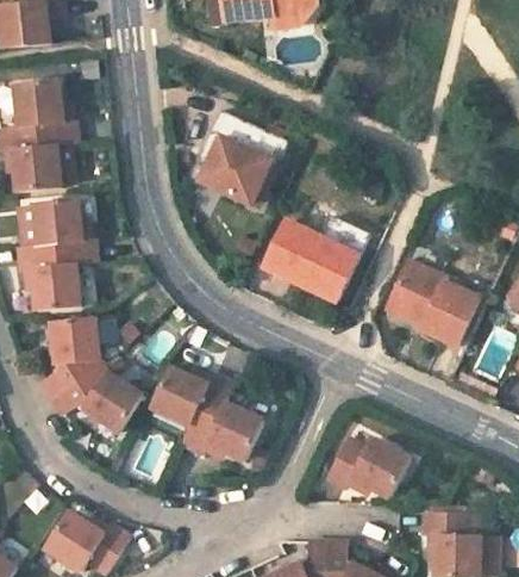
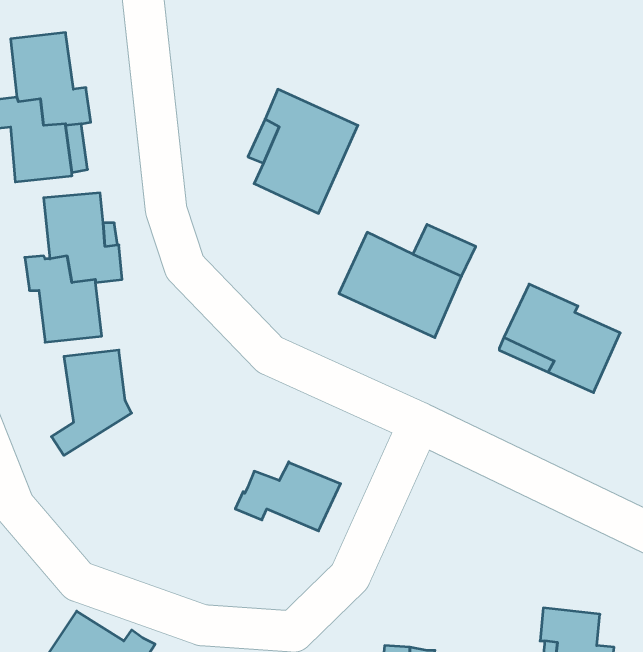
building: [54,364,144,426] -> none
building: [154,365,233,420] -> none
building: [325,434,405,490] -> none

